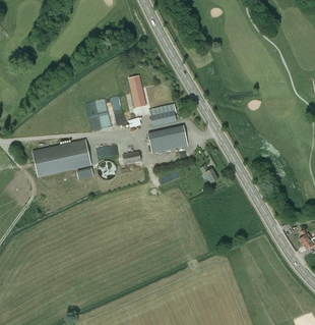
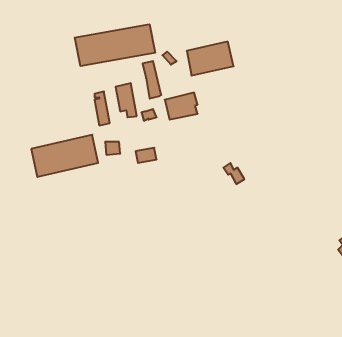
building: none -> [75,24,155,66]
building: [147,124,188,154] -> [187,42,234,76]

